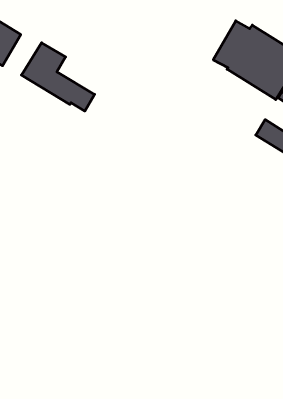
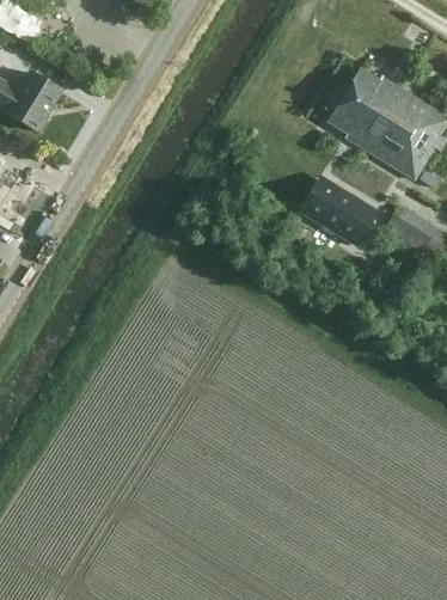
building: [21,43,95,111] -> none
building: none -> [307,179,373,241]

